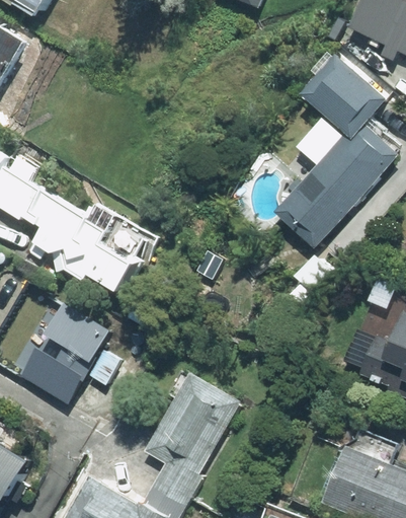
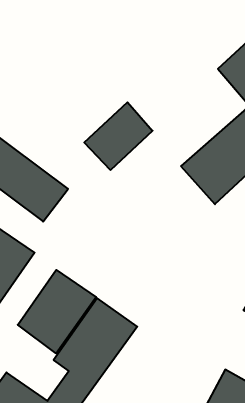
building: none -> [84,102,153,170]
building: none -> [18,270,96,353]

